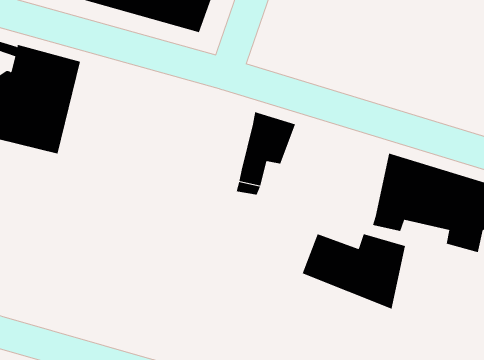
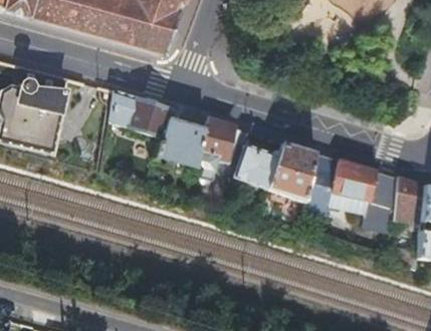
building: none -> [107,89,206,165]
building: [302,233,406,310] -> [232,141,315,203]

